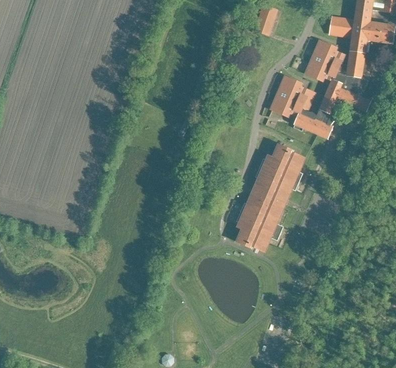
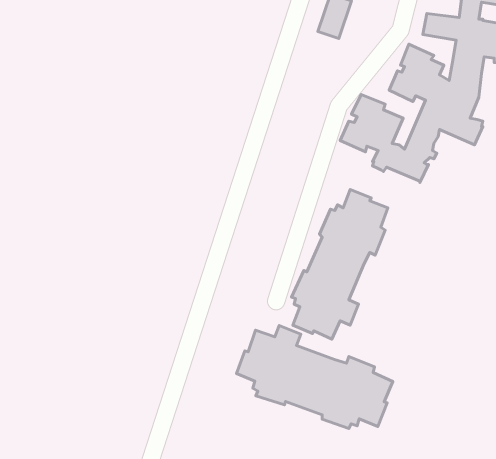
building: none -> [236,325,393,429]

